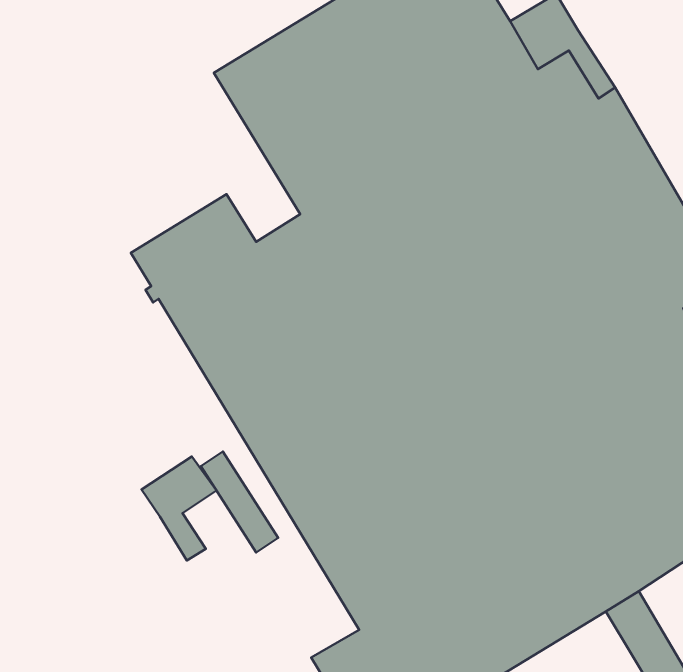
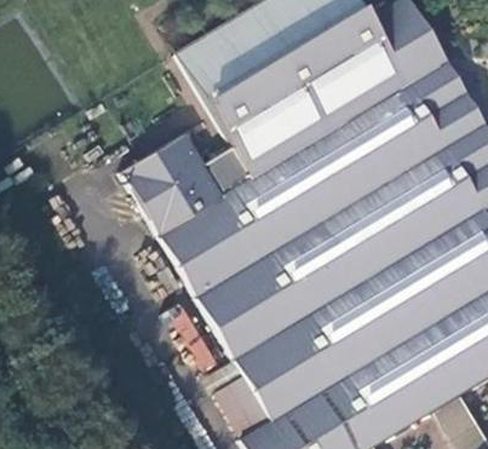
building: [142,456,216,560] -> none

